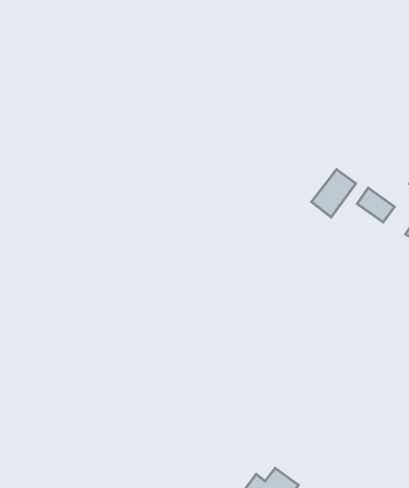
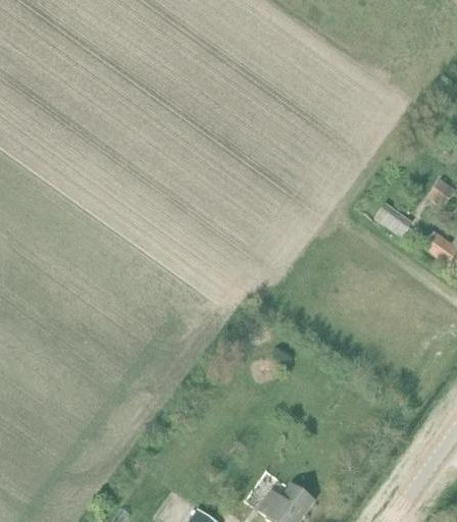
building: [312,169,356,217] -> none

